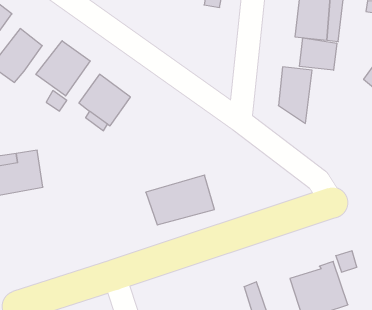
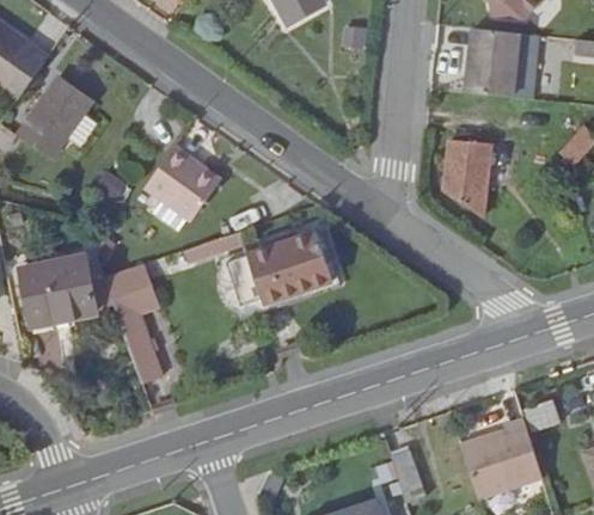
building: [299,38,337,70] -> none
building: [36,41,90,96] -> none
building: none -> [108,262,164,380]
building: [146,175,214,225] -> [233,233,333,306]

